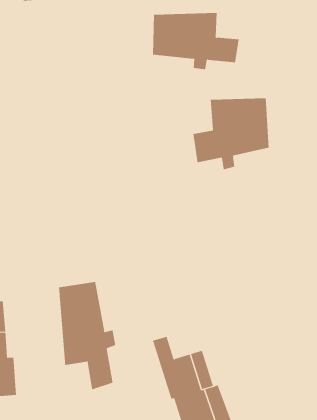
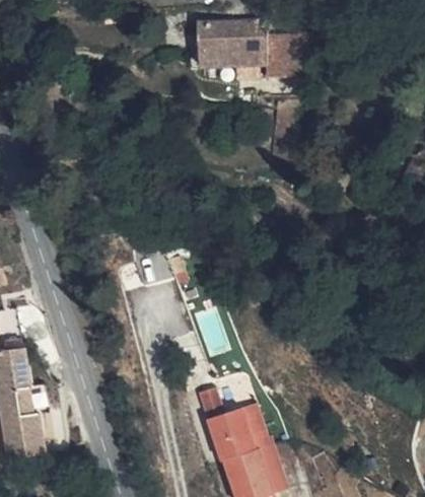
building: [193,97,269,170] -> none
building: [58,281,116,390] -> none

